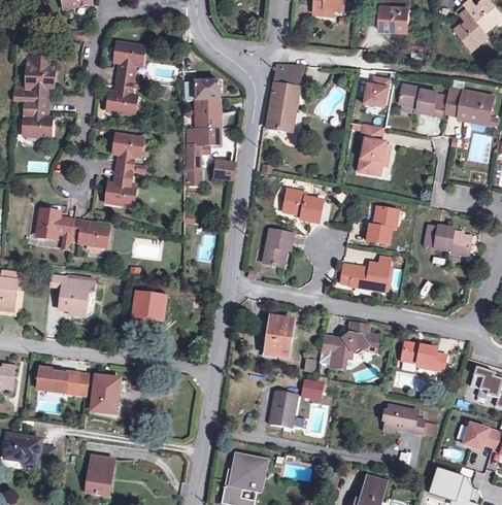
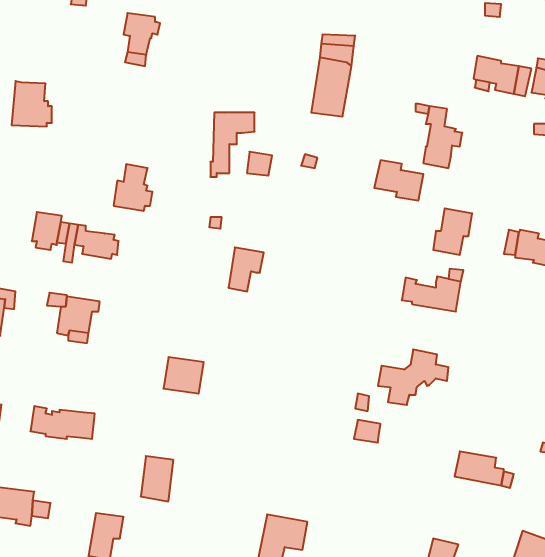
building: [24,58,57,104] -> none
building: [359,75,387,107] -> none
building: [194,79,220,128] -> none
building: [105,92,135,115] -> none
building: [111,135,144,173] -> none
building: [281,189,322,222] -> [374,160,423,201]
building: [263,229,292,265] -> [228,247,264,291]
building: [131,293,164,323] -> [163,357,204,394]
building: [266,316,293,357] -> none
building: [401,342,446,372] -> none
building: [91,376,118,413] -> [141,456,173,501]
building: [269,390,297,428] -> none

